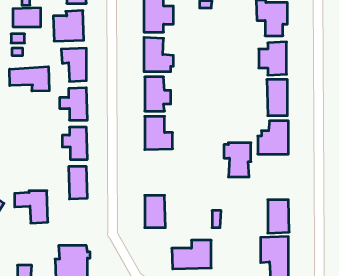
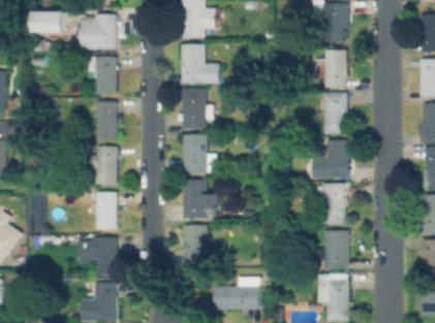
building: [10,67,49,91] -> none
building: [224,143,251,177] -> [317,185,348,224]
building: none -> [184,181,221,219]
building: [15,191,48,223] -> [79,238,117,276]

